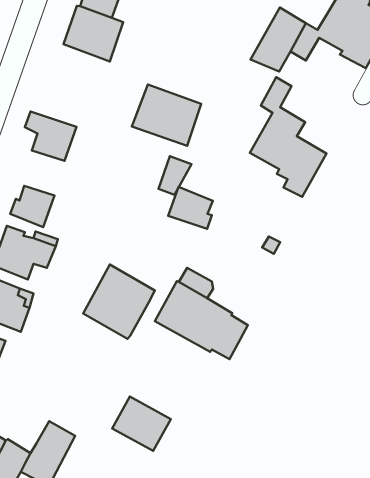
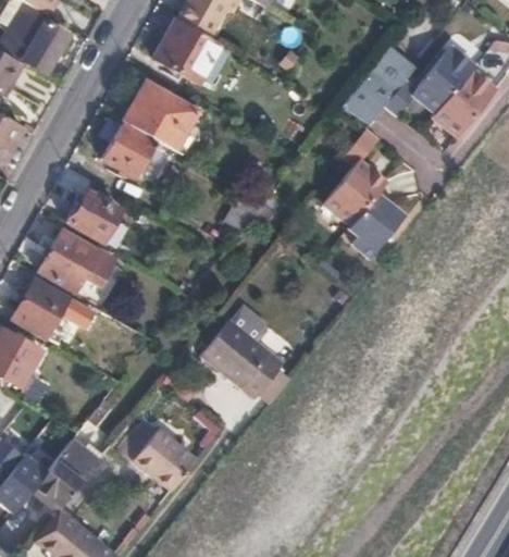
building: [132,85,201,146] -> [122,82,197,151]
building: [168,187,213,229] -> none
building: [83,264,155,339] -> none

